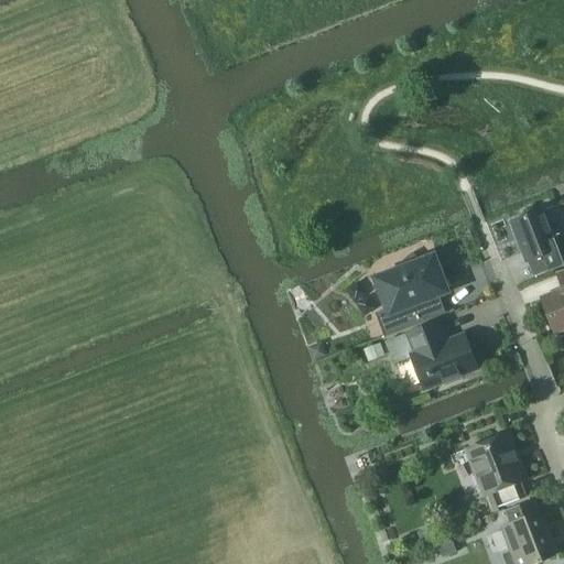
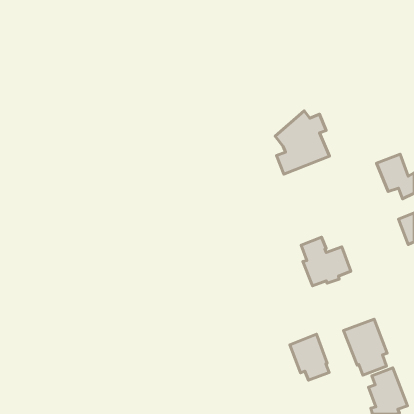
building: [372,251,446,337] -> [275,111,329,174]
building: none -> [290,334,329,380]

